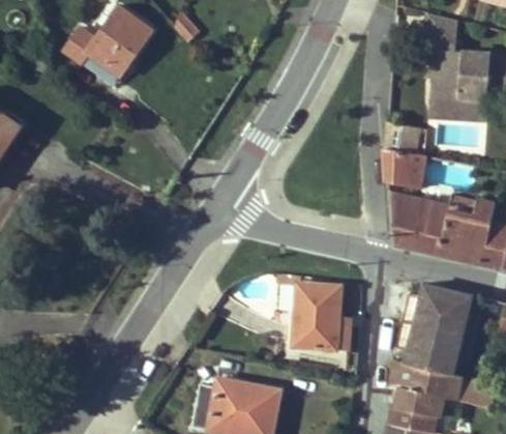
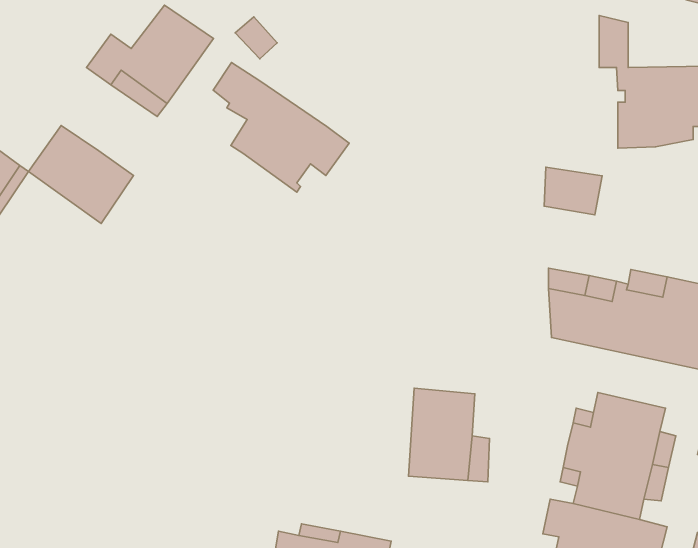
building: none -> [213,62,349,192]
building: none -> [29,125,133,223]
building: [390,150,426,187] -> none

